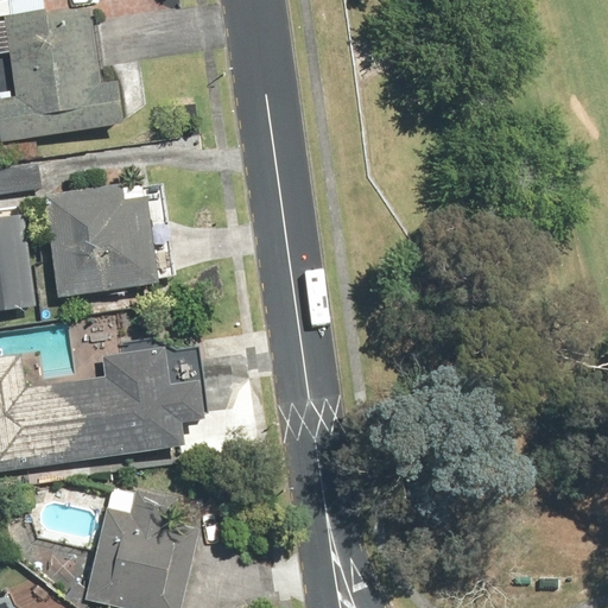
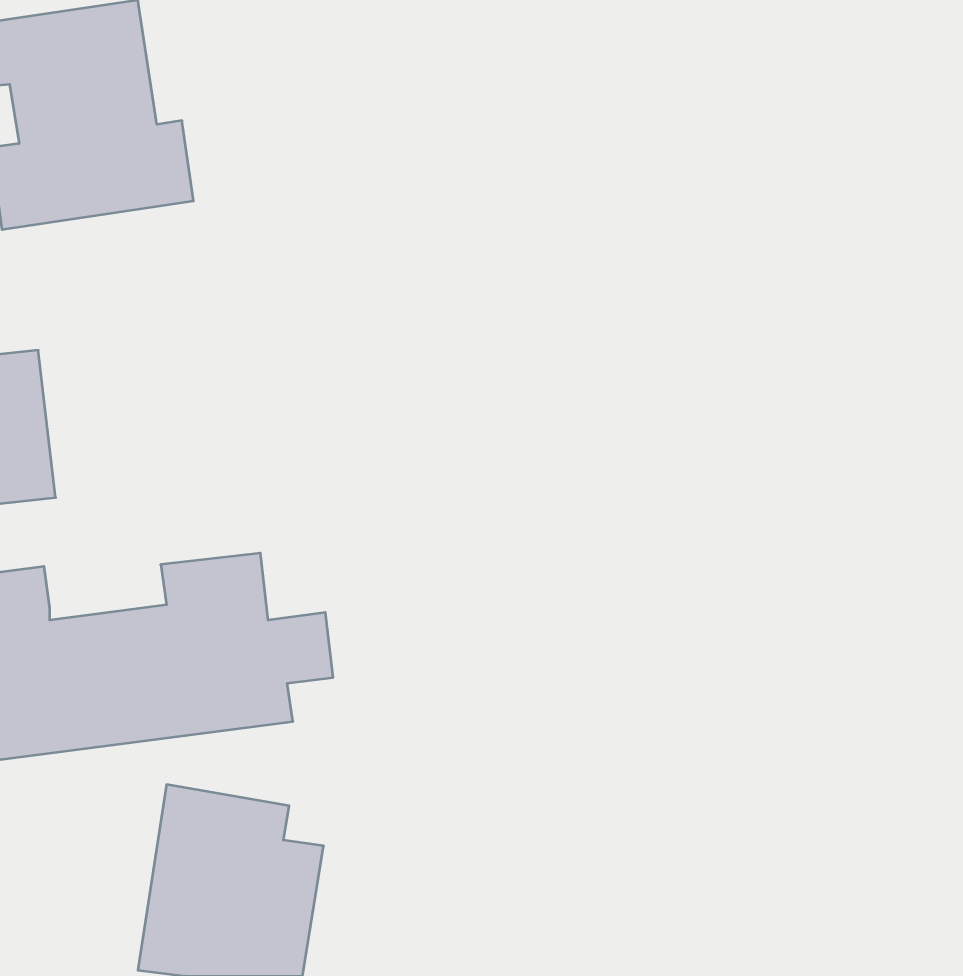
building: [42,183,175,297] -> none

